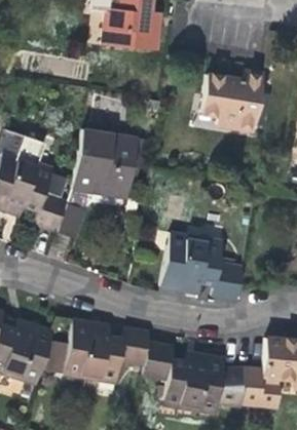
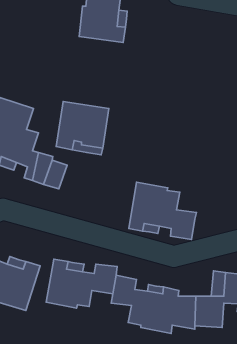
building: [200,69,266,128] -> none

